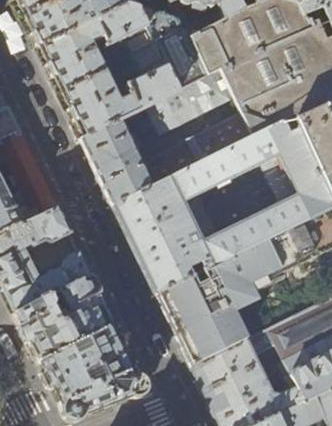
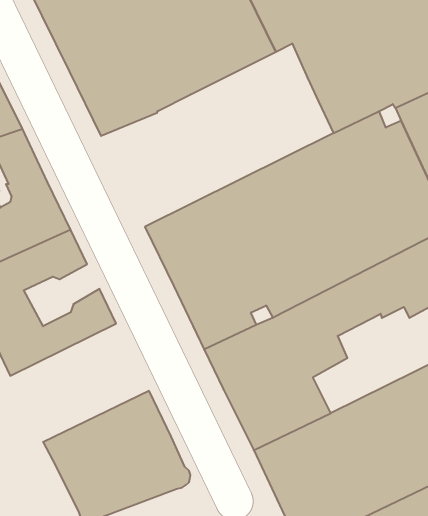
building: [146,72,231,133] -> none
building: [81,114,250,205] -> none
building: [15,275,116,361] -> none

